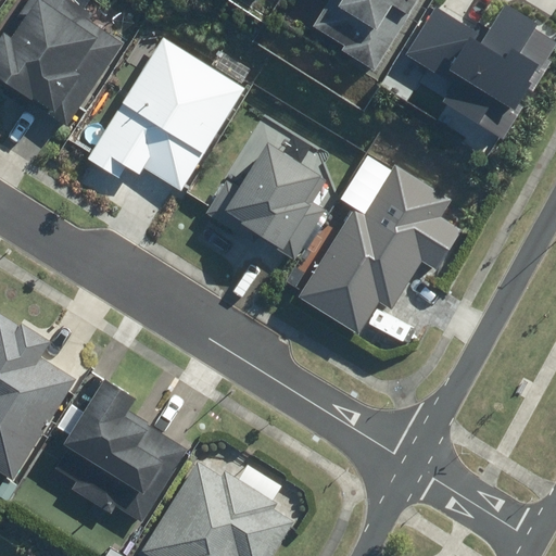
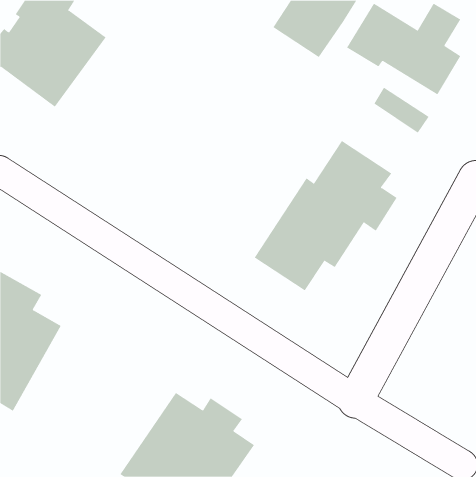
building: [87,37,249,197] -> none
building: [202,139,329,258] -> none
building: [51,380,188,522] -> none

